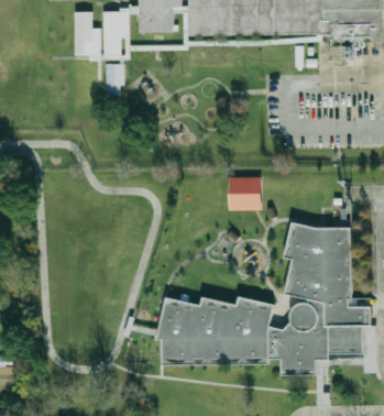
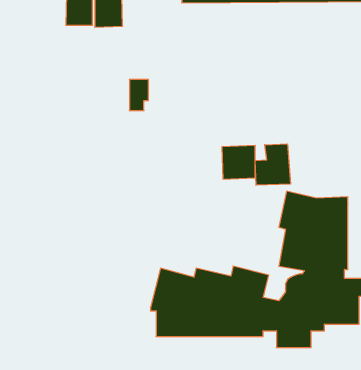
building: [105,64,123,95] -> [129,79,148,111]
building: none -> [255,144,290,185]

